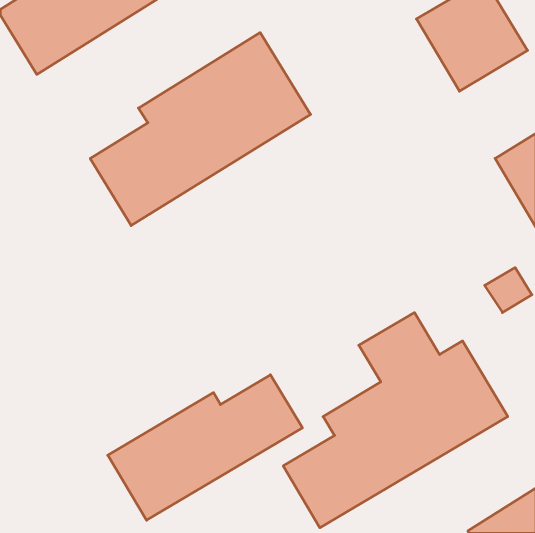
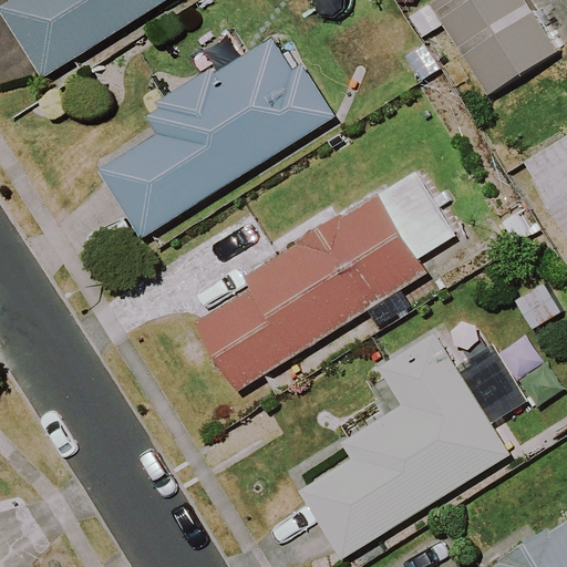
building: none -> [181,192,426,392]
building: [108,375,302,520] -> none

